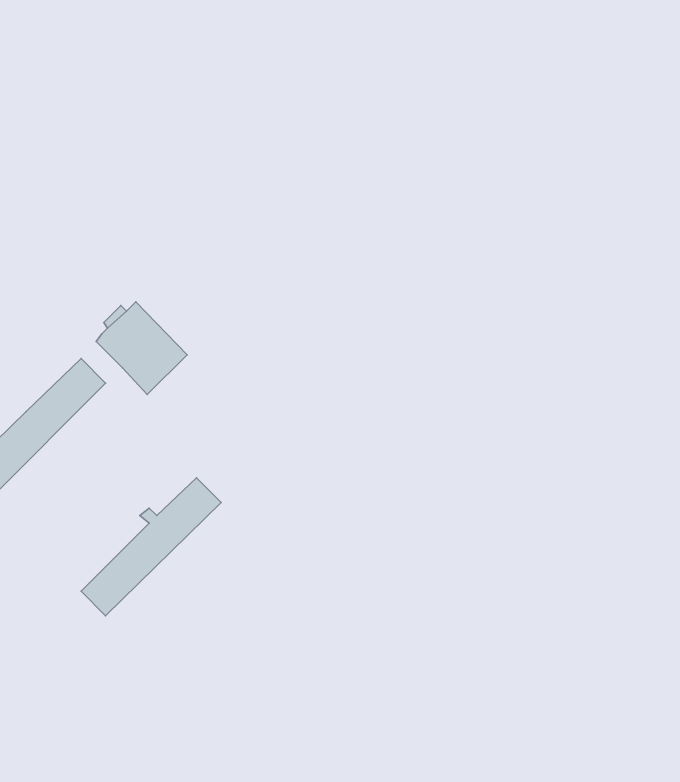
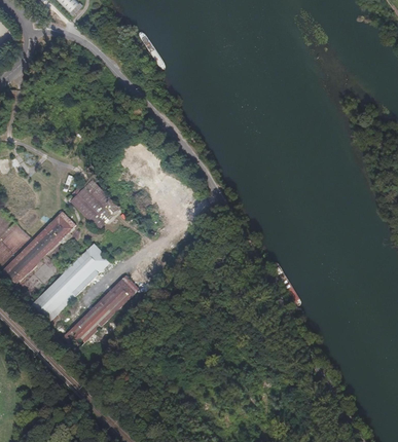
building: none -> [30,243,110,322]

